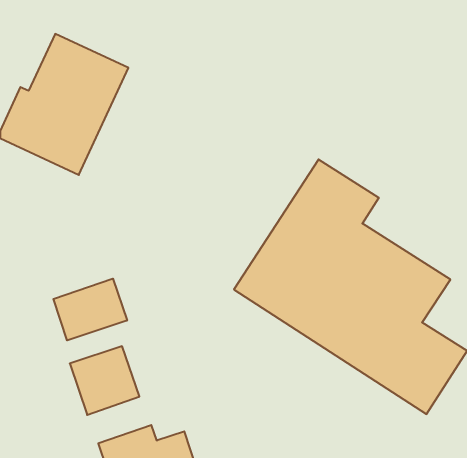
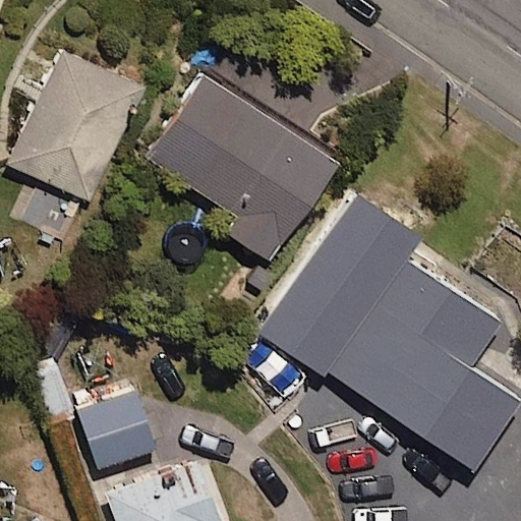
building: none -> [140,67,339,264]
building: [53,279,127,340] -> none

